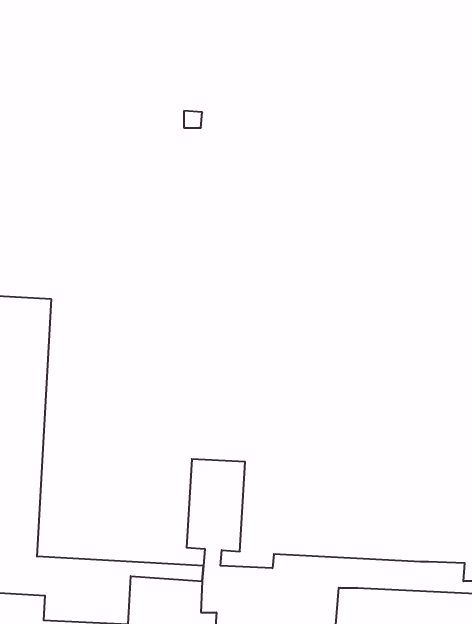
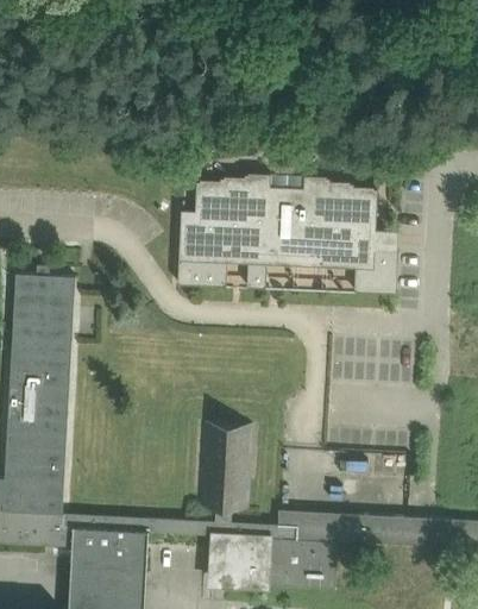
building: none -> [177,174,398,294]

